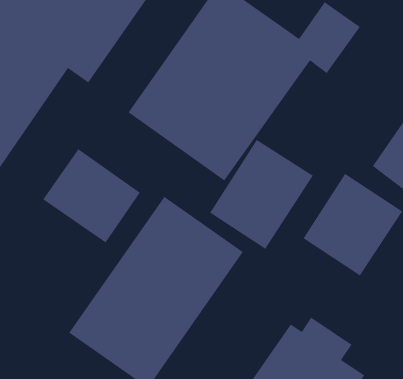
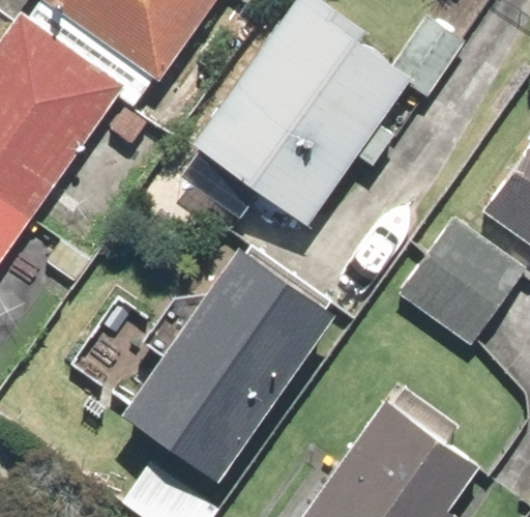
building: [209,139,314,250] -> none
building: [42,148,141,244] -> none

